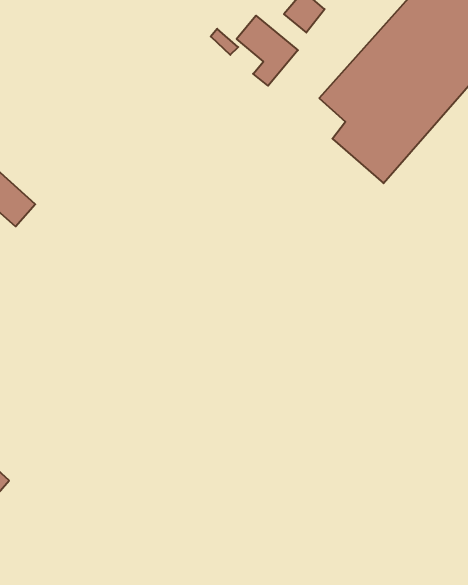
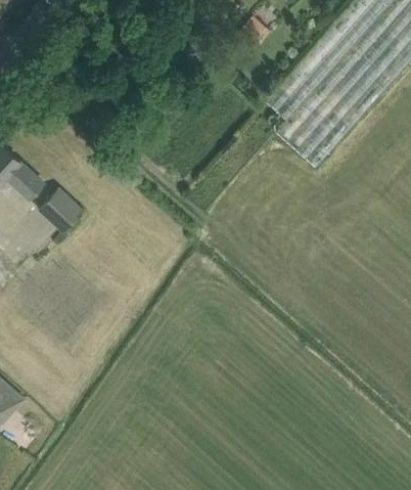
building: [237,16,298,86] -> none
building: none -> [38,187,84,233]

